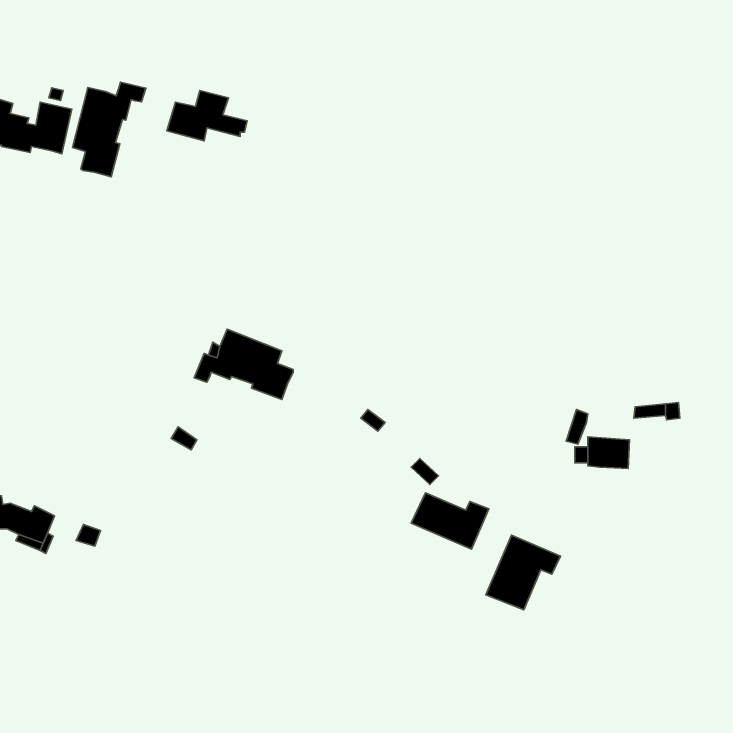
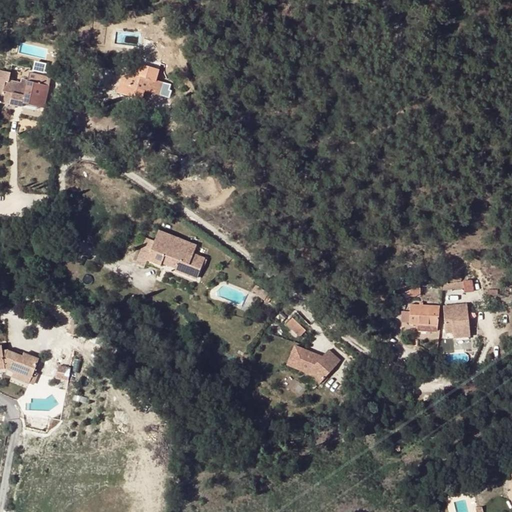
building: [73,82,146,177] -> none
building: none -> [442,305,470,339]
building: [486,535,561,610] -> none

